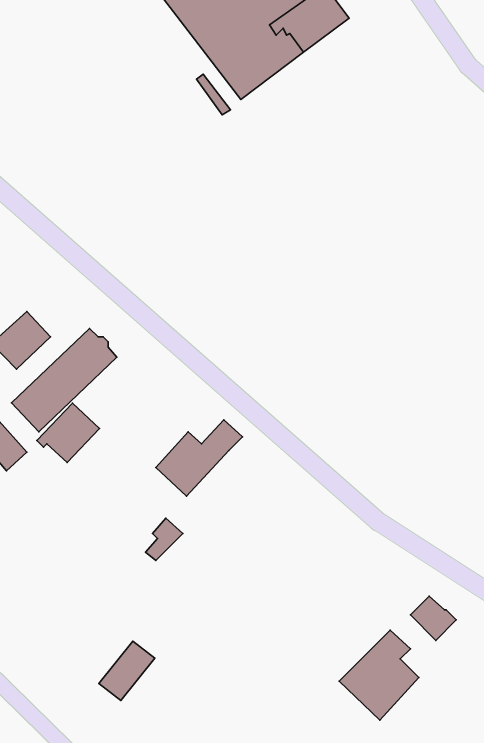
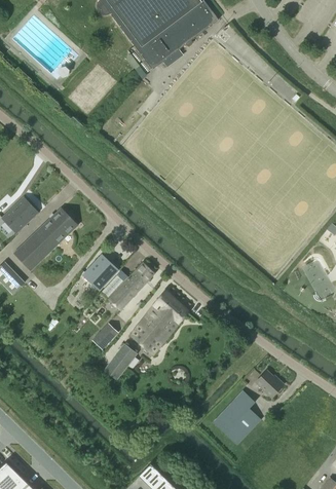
building: [37,403,100,463] -> [81,254,119,290]
building: none -> [130,290,189,354]
building: [99,641,155,701] -> [104,343,138,379]

